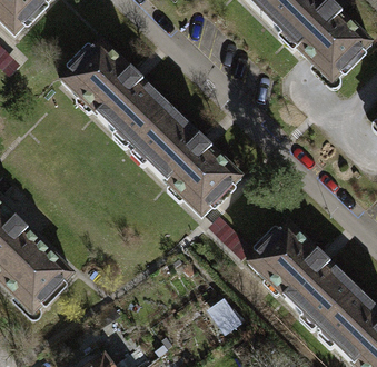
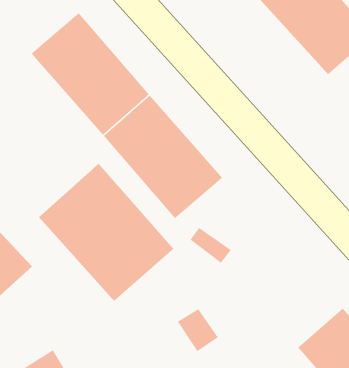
building: none -> [38,163,175,302]
building: [249,221,358,328] -> none

